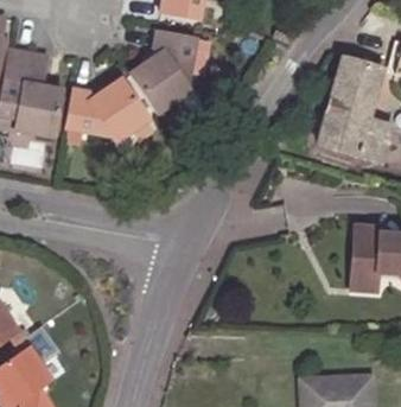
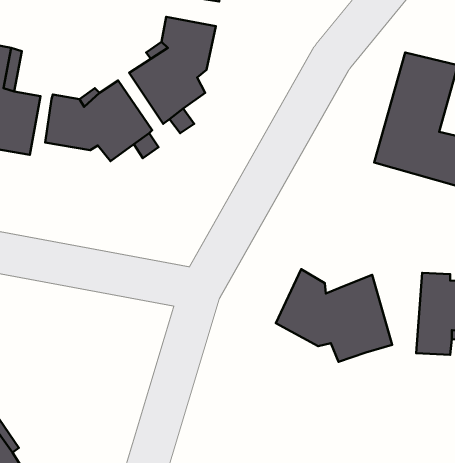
building: none -> [276,269,392,362]

